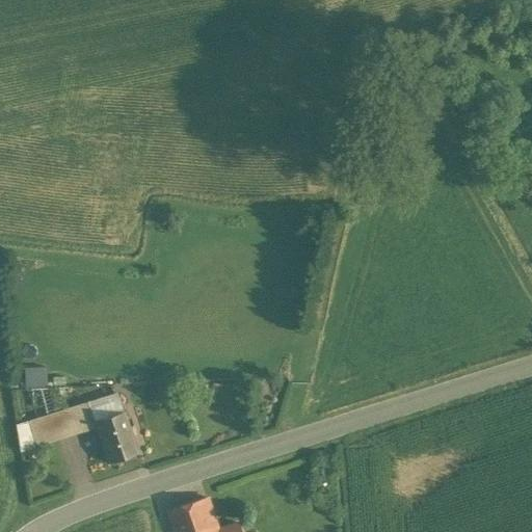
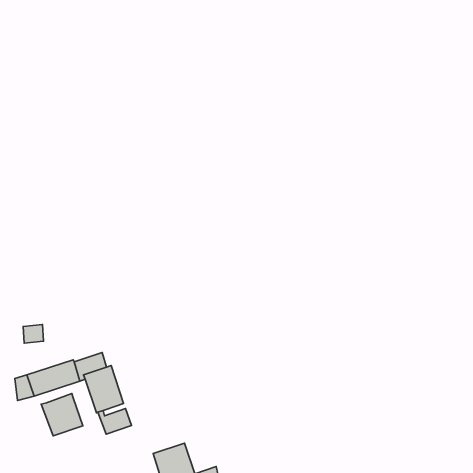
building: none -> [41,394,83,436]
building: none -> [98,409,132,434]

